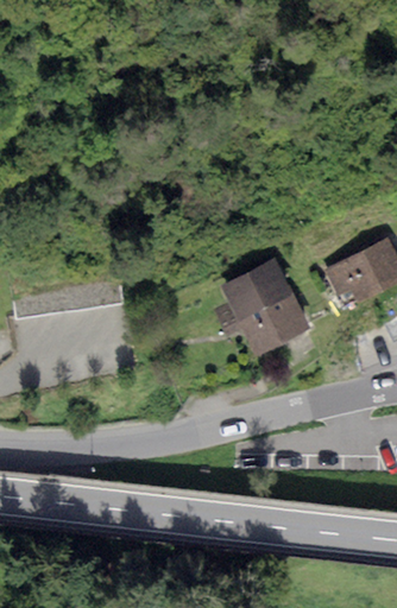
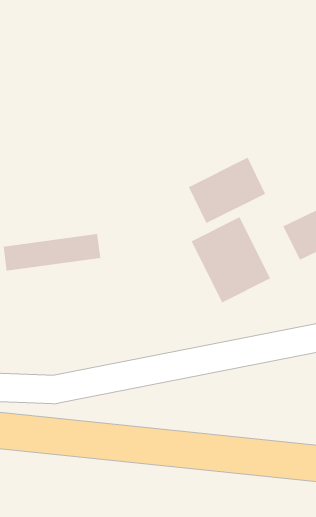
building: none -> [188,157,266,224]

